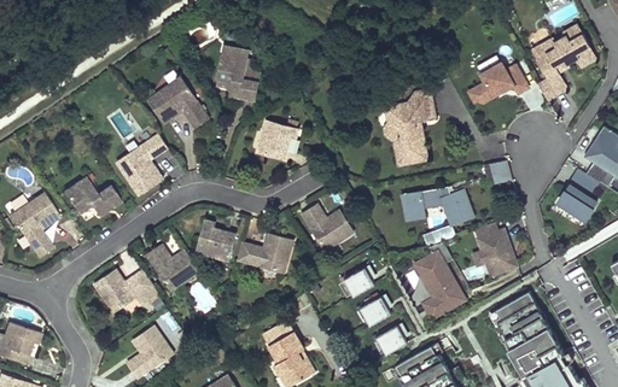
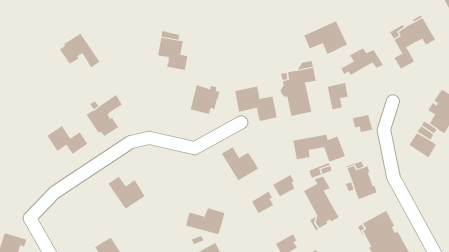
building: none -> [303,21,348,55]
building: [150,80,206,128] -> [59,33,100,68]
building: none -> [327,82,348,110]
building: none -> [234,86,277,122]
building: [12,194,59,254] -> none
building: [197,217,237,259] -> none
building: [239,235,293,272] -> [185,207,225,235]
building: [95,270,158,313] -> none
building: [360,293,391,324] -> [272,174,295,197]

